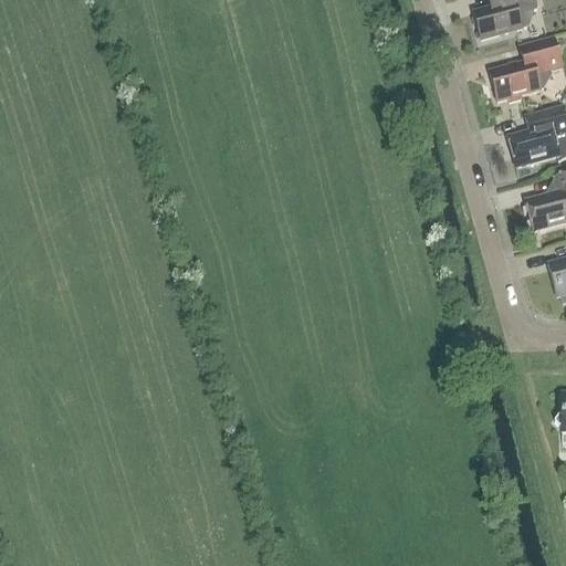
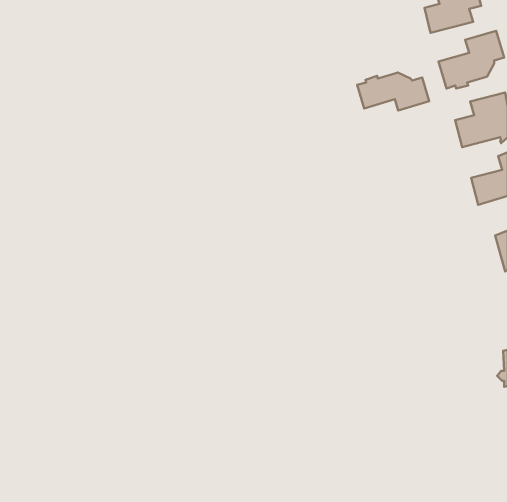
building: none -> [357,73,429,111]

